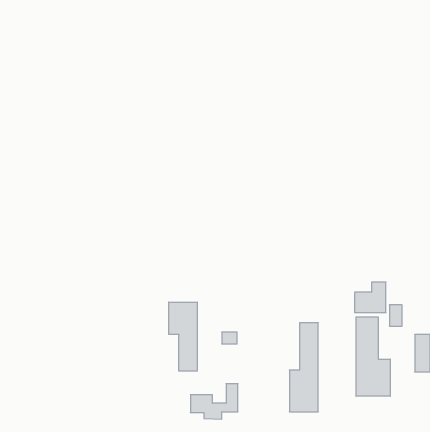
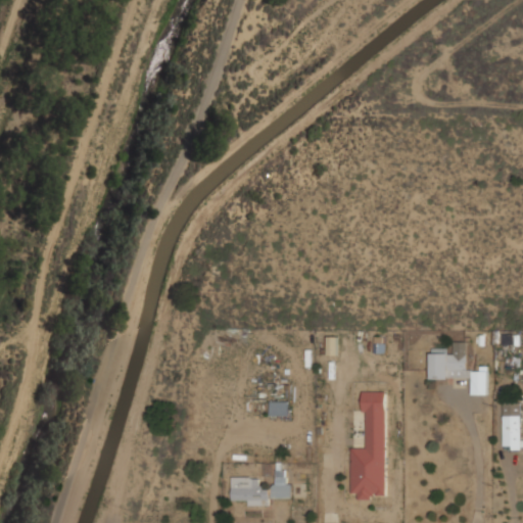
building: [169,302,197,371] -> none
building: [356,317,390,396] -> none

